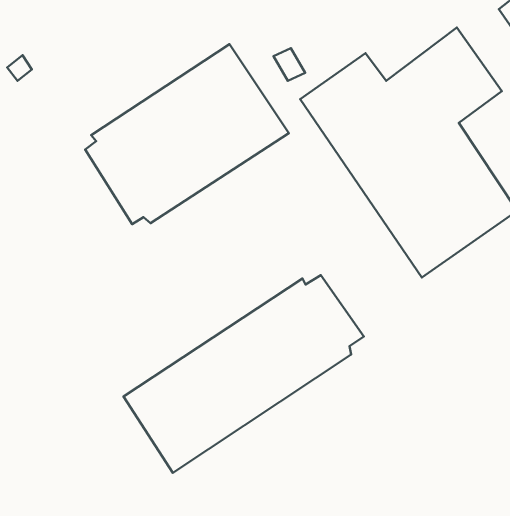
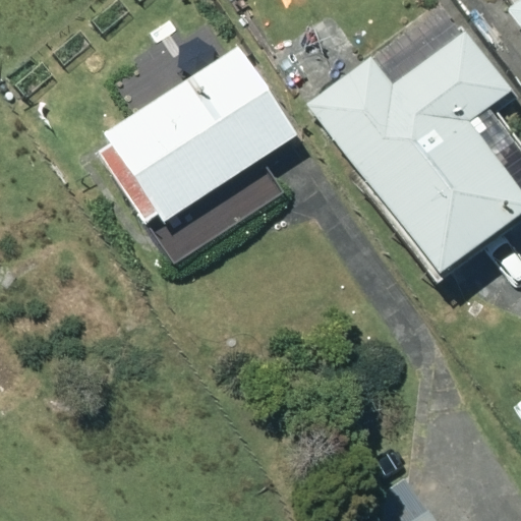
building: [124,275,364,473] -> none

